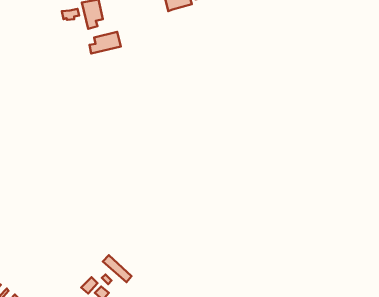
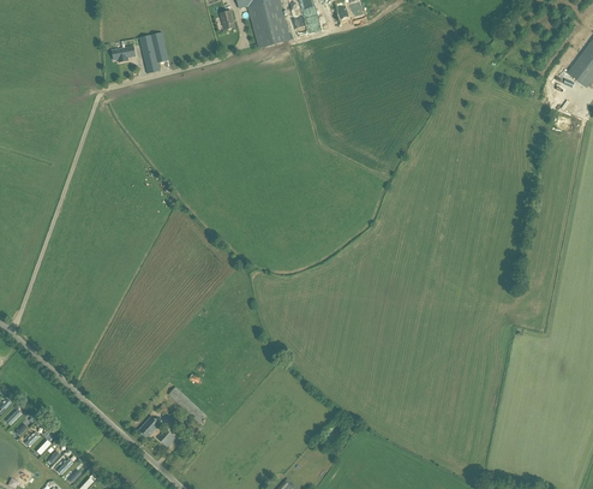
building: [89,32,121,53] -> none

